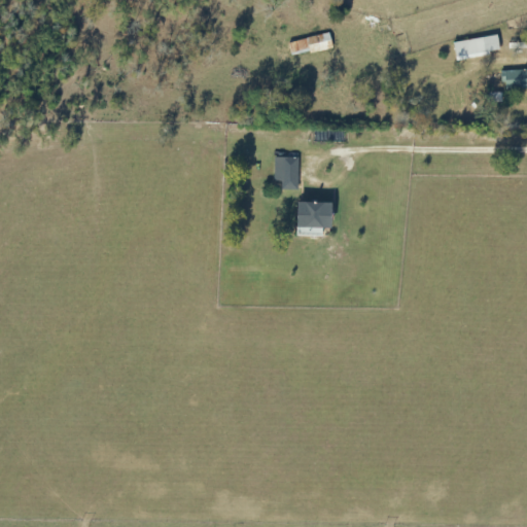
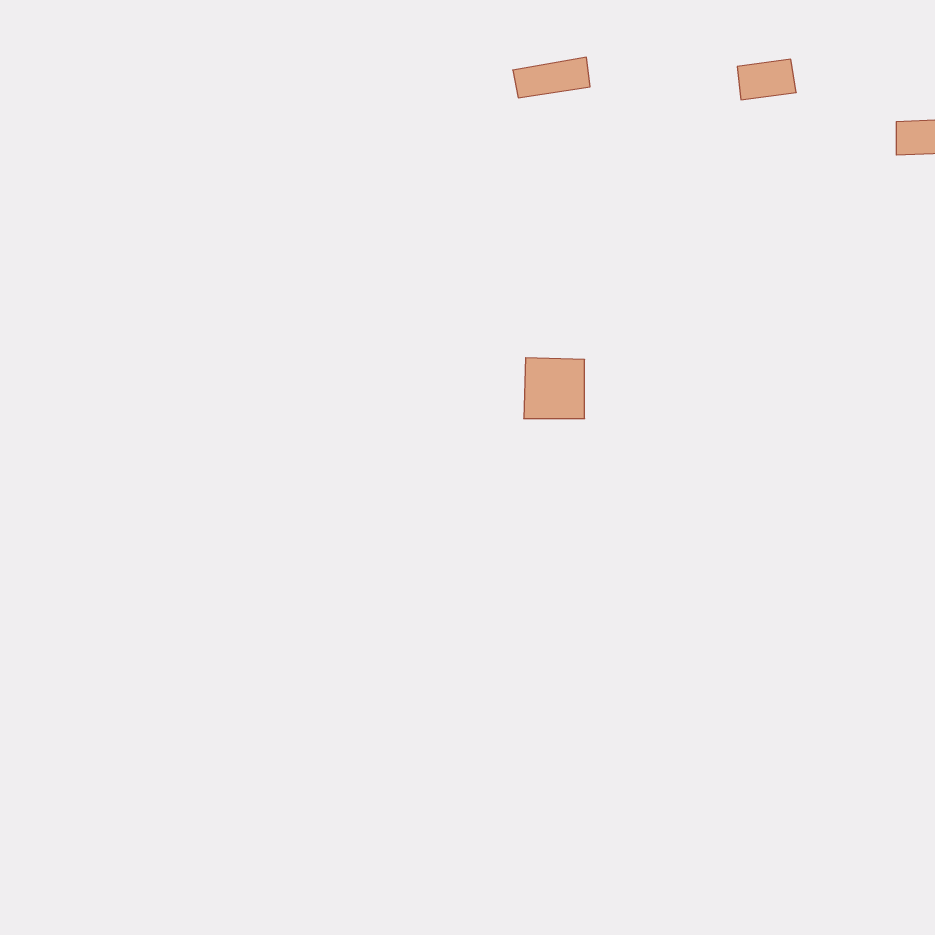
building: [455,36,488,59] -> [737,59,796,100]
building: [276,154,300,188] -> none

